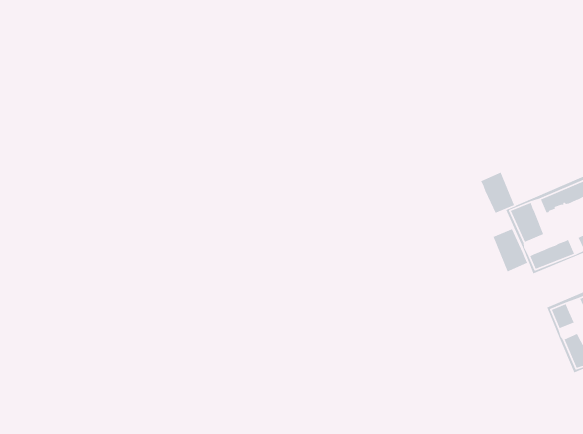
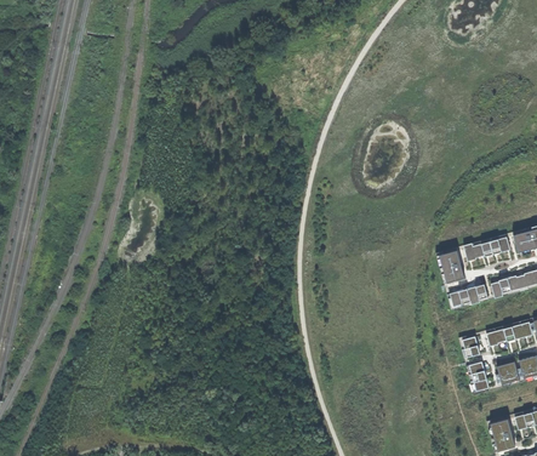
building: [480,171,515,214] -> none
building: [492,228,528,273] -> none

